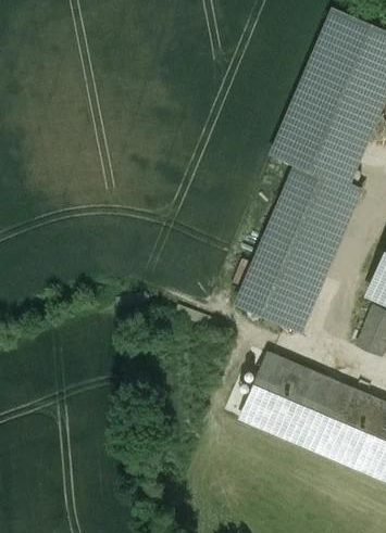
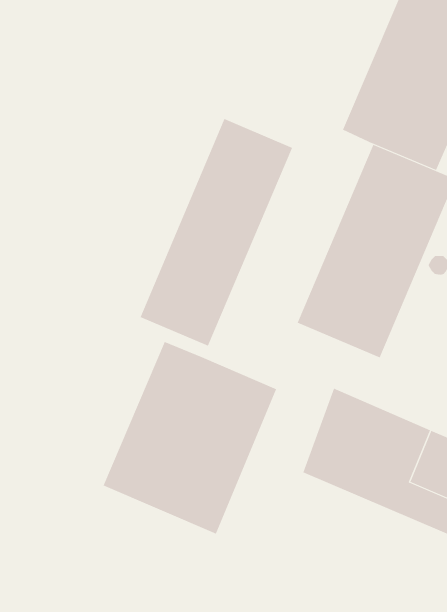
building: none -> [140,118,293,347]
building: none -> [103,341,277,534]

